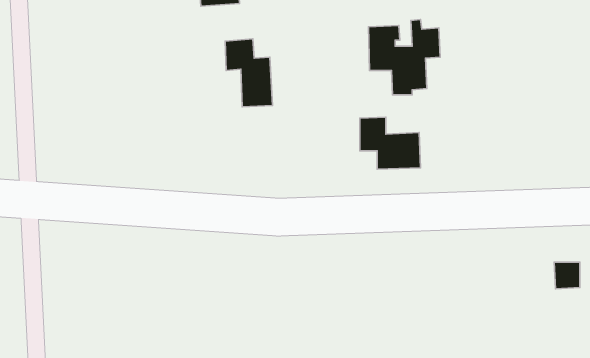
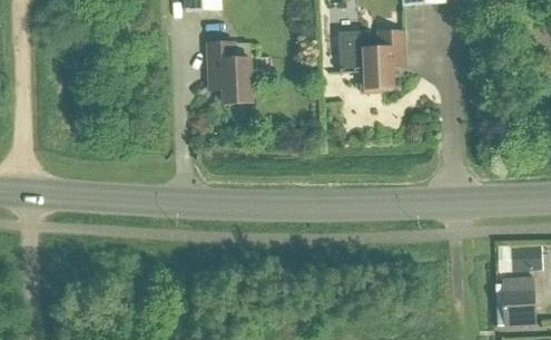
building: [360,117,421,169] -> none
building: none -> [502,275,535,322]

